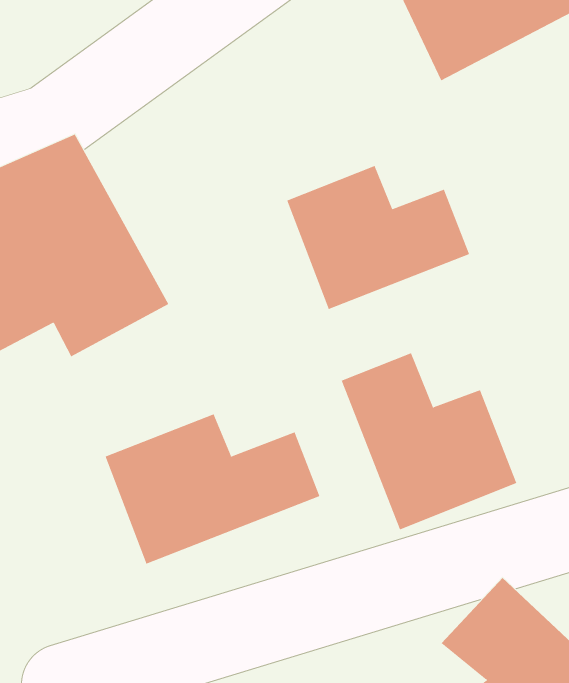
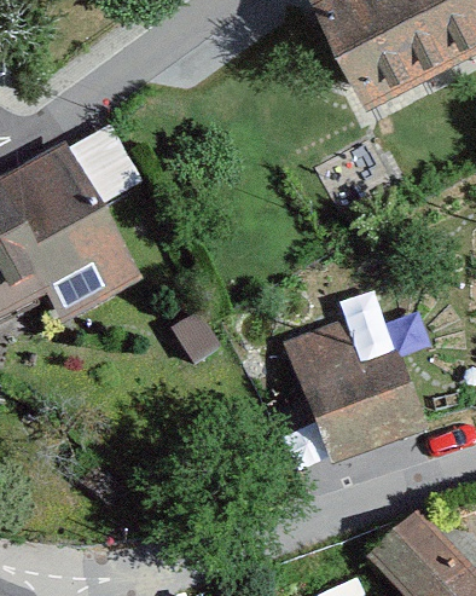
building: [286,165,470,310] -> none
building: [105,413,320,565] -> none

